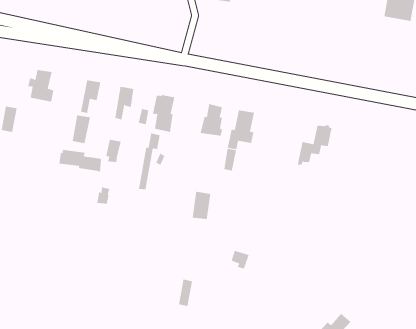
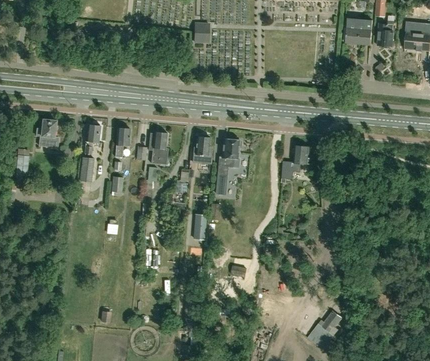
building: [59,149,102,172] -> none

